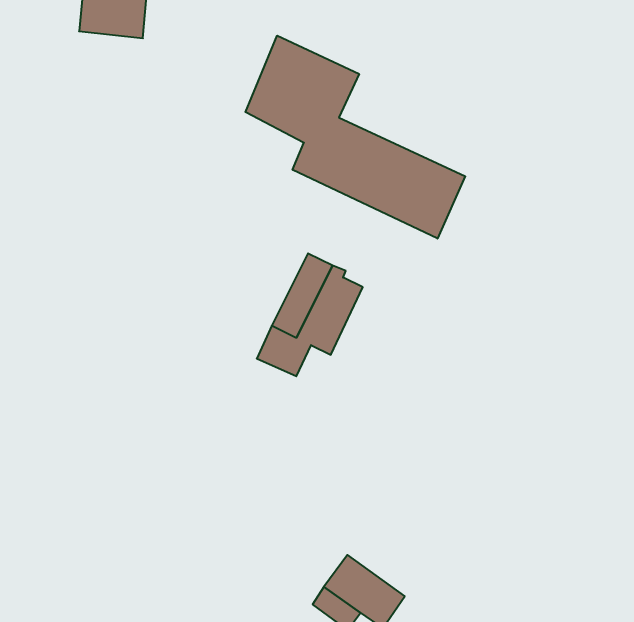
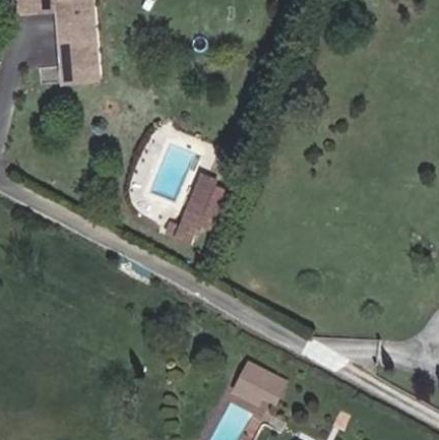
building: [245,36,465,239] -> none

